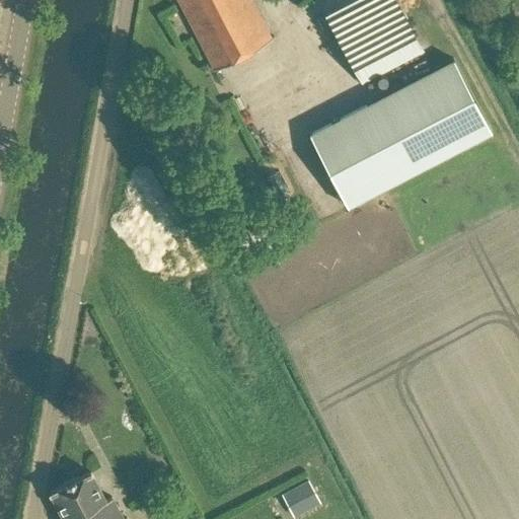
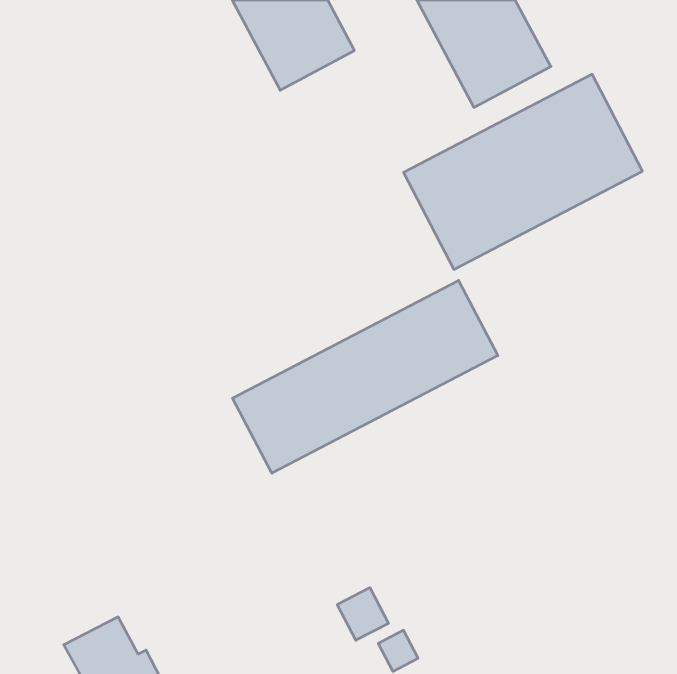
building: none -> [233,280,498,473]
building: none -> [337,588,388,640]

